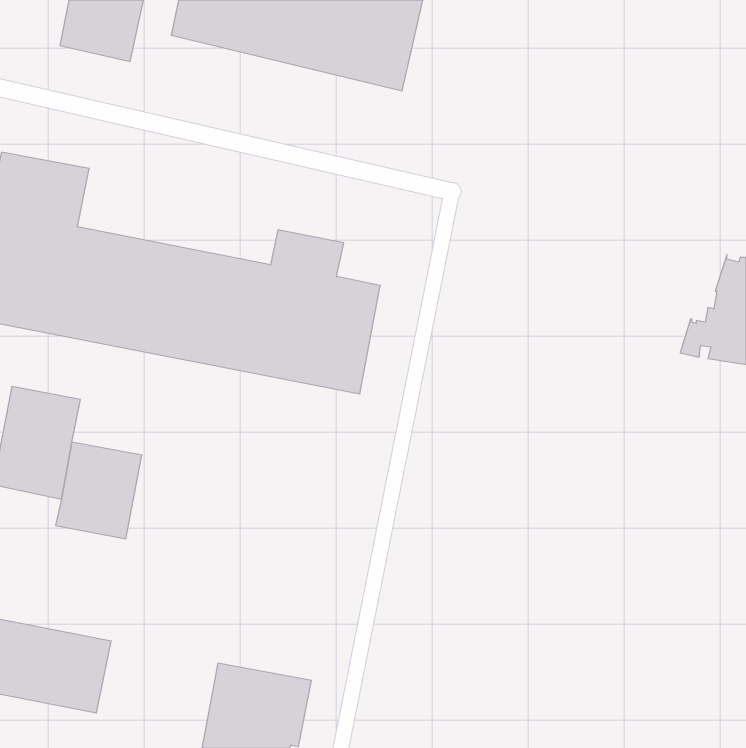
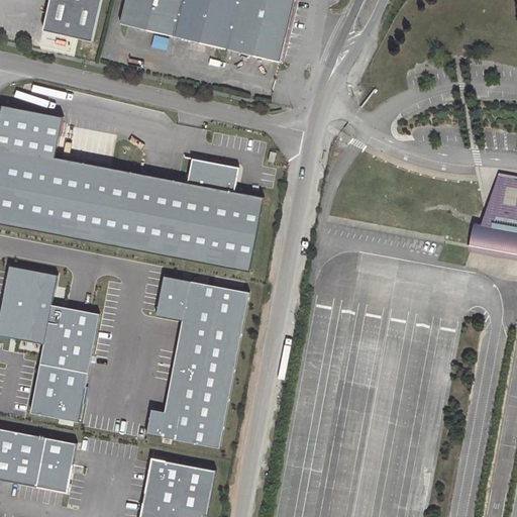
building: none -> [145,277,248,446]
building: none -> [29,363,87,421]

